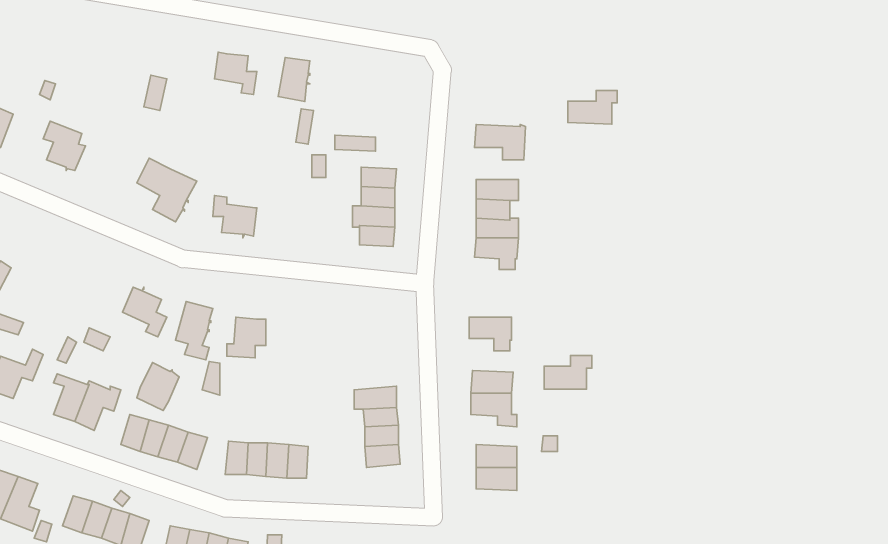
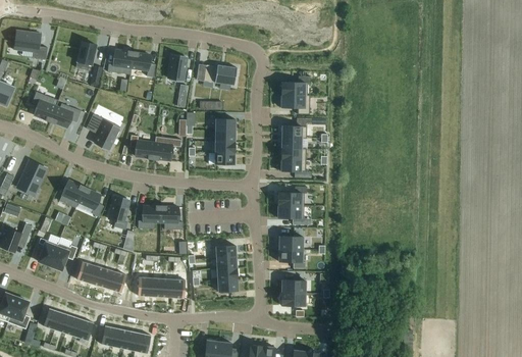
building: none -> [13,31,47,59]
building: none -> [75,41,96,70]
building: none -> [107,49,133,74]
building: none -> [197,64,237,85]
building: [568,91,617,124] -> [281,75,310,95]
building: none -> [50,103,81,128]
building: none -> [153,136,181,160]
building: none -> [17,160,46,195]
building: none -> [160,205,182,230]
building: [544,356,592,389] -> [277,186,305,205]
building: [137,363,179,410] -> [59,180,84,207]

